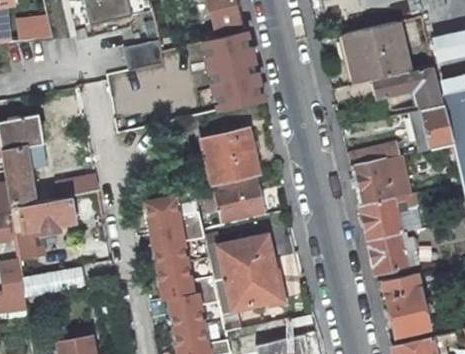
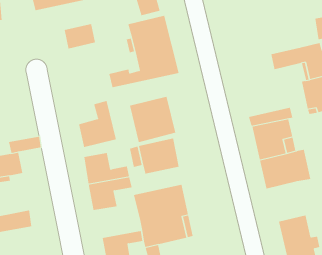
building: [343,21,408,82] -> none
building: none -> [78,100,116,148]
building: [367,232,415,274] -> none
building: [158,262,217,300] -> none

